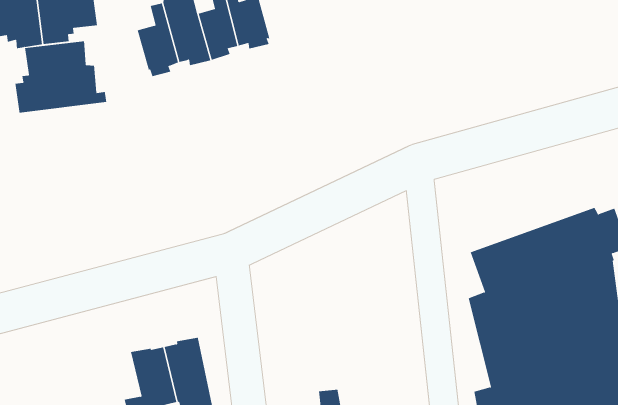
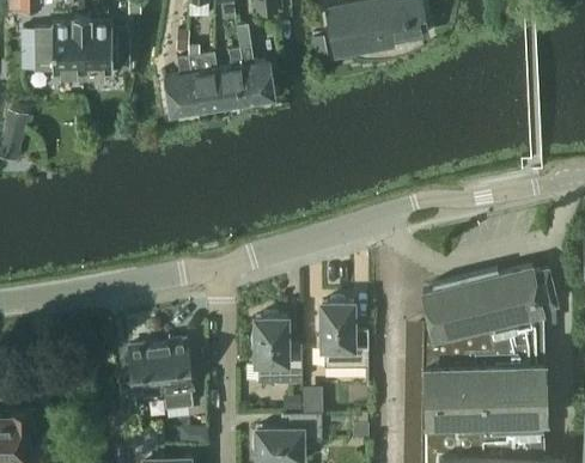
building: [15,40,107,114] -> none
building: none -> [318,300,368,368]
building: none -> [252,316,303,384]

